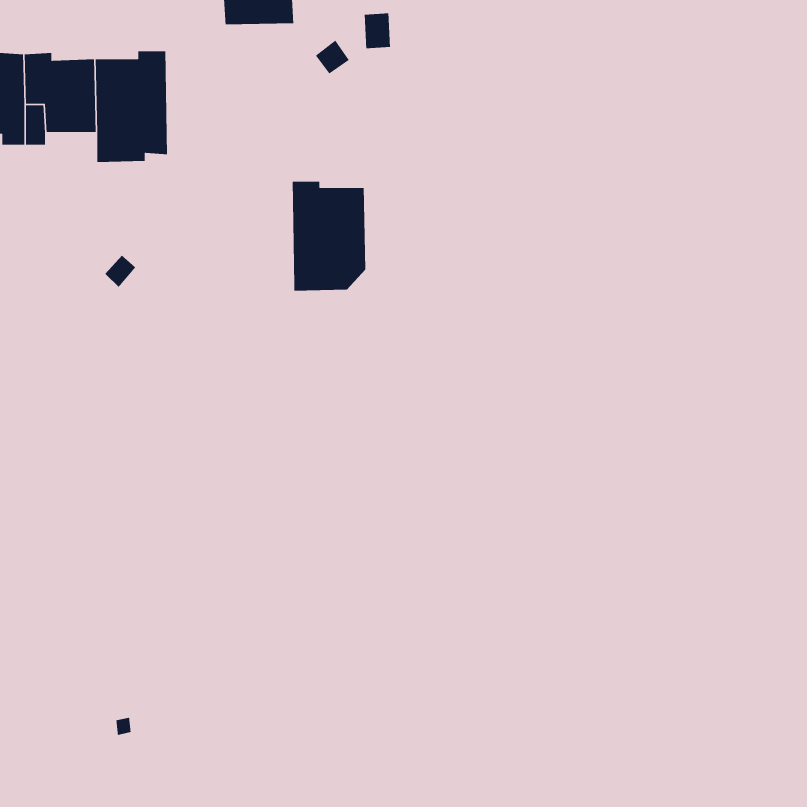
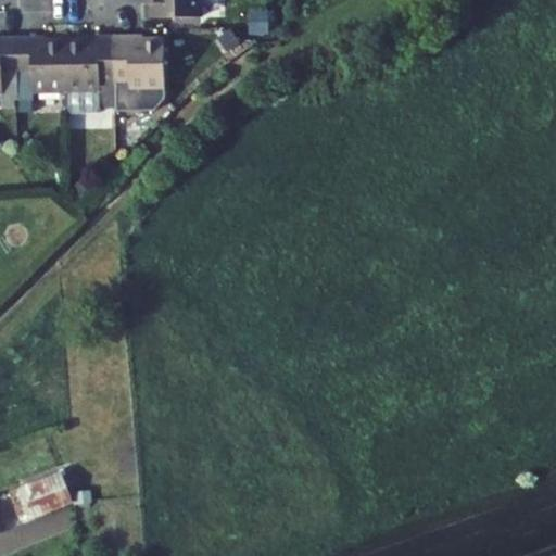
building: [292,181,366,292] -> [114,35,165,111]
building: none -> [22,471,72,516]

